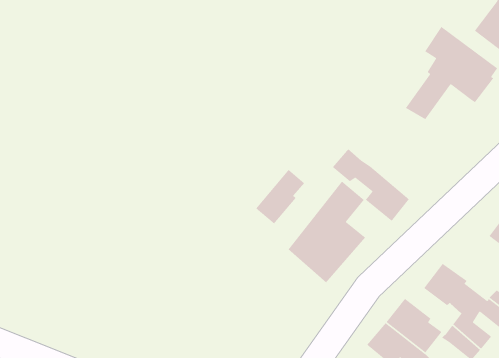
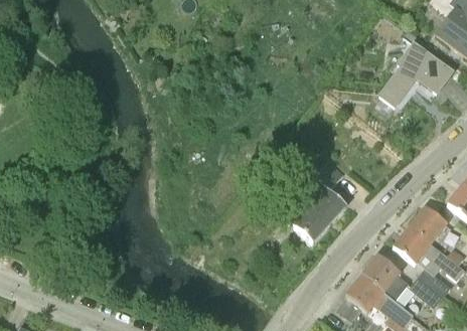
building: [332,148,410,222] -> none
building: [255,169,305,224] -> none
building: none -> [409,206,445,241]

